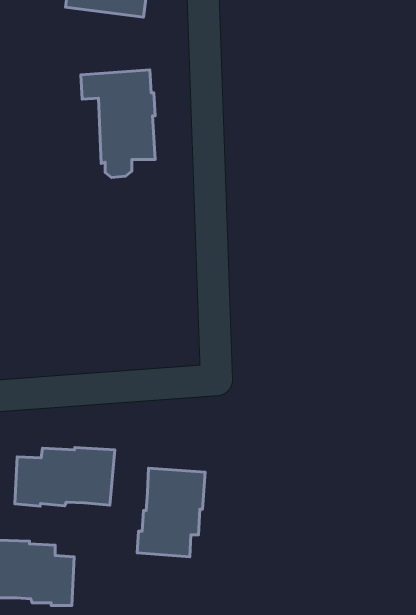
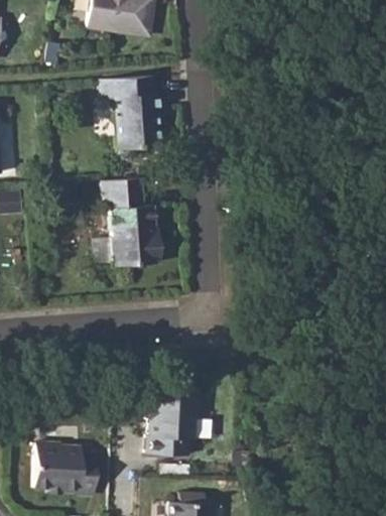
building: none -> [101,176,158,265]
building: [15,447,115,506] -> none

